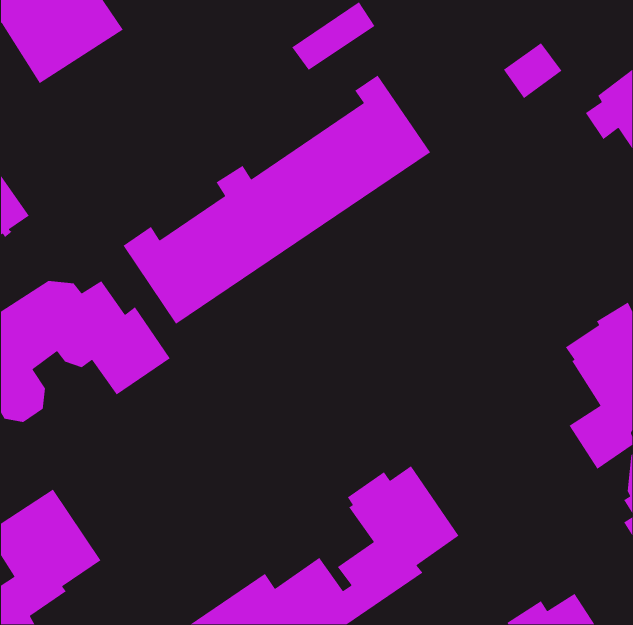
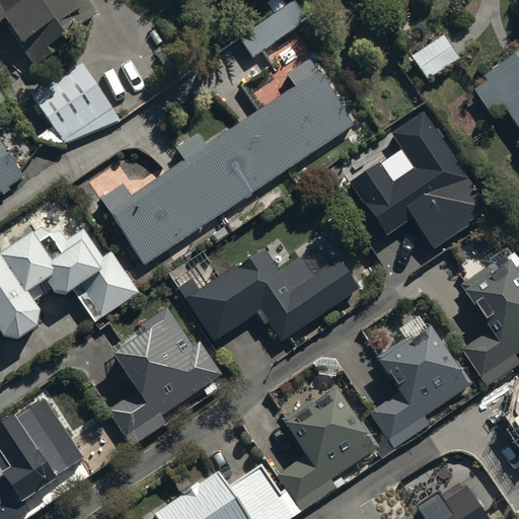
building: none -> [32,62,120,143]
building: none -> [350,103,492,240]
building: none -> [169,249,359,343]
building: none -> [108,308,222,447]
building: none -> [369,331,472,450]

